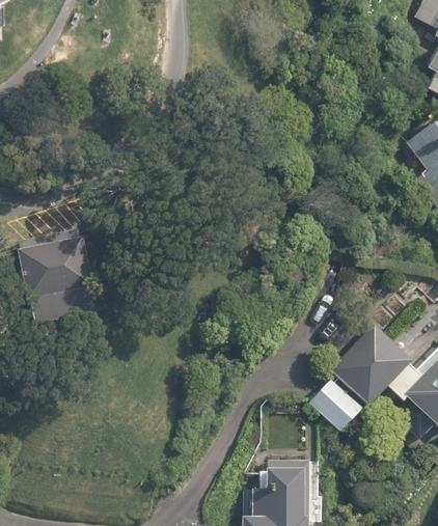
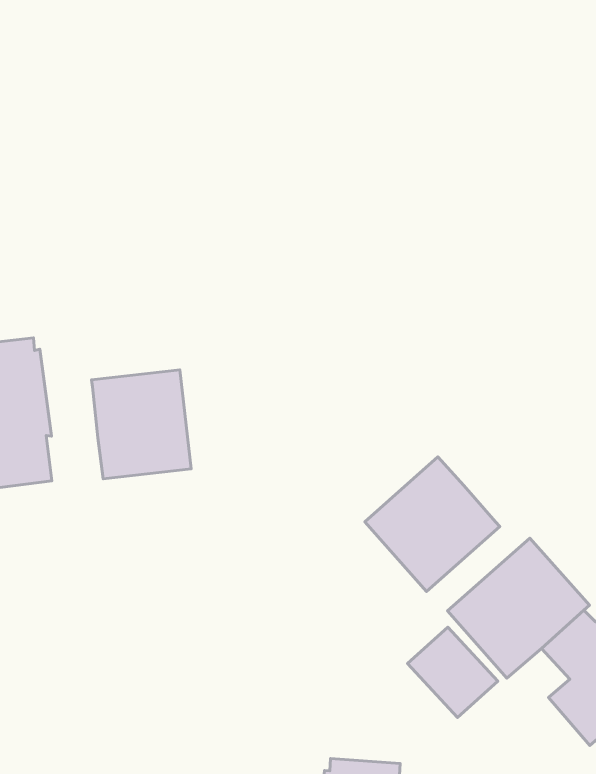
building: none -> [92,370,191,479]
building: none -> [365,457,500,591]

